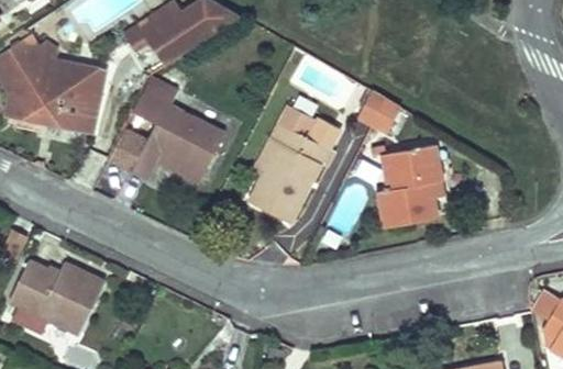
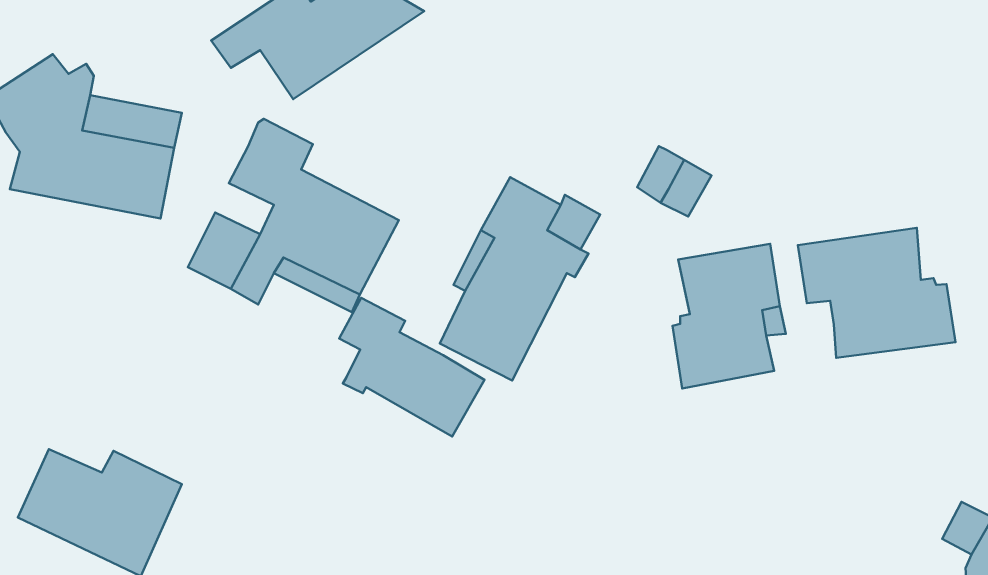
building: none -> [798,228,956,358]
building: none -> [339,298,484,436]

